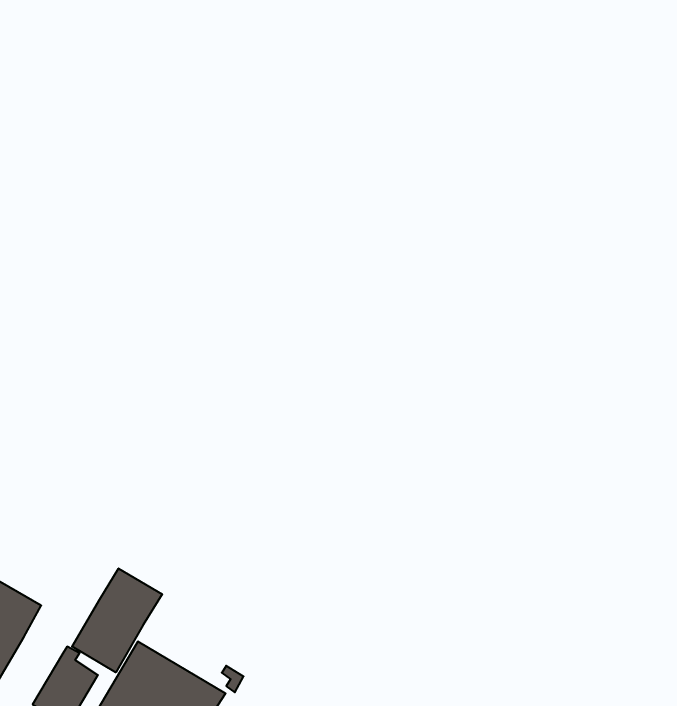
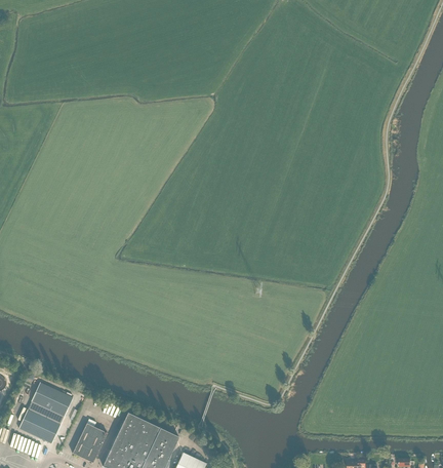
building: [72,568,162,672] -> none

